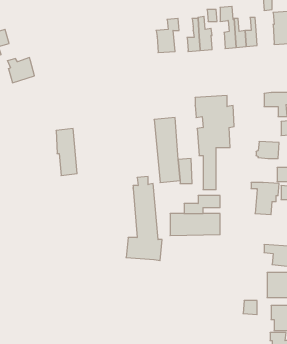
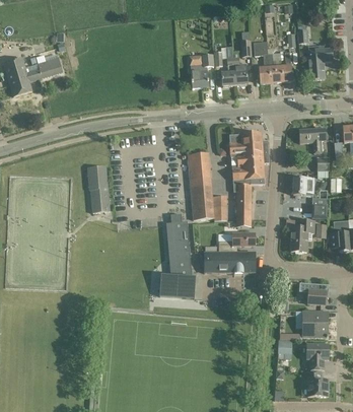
building: [7,58,34,83] -> [36,53,63,78]

